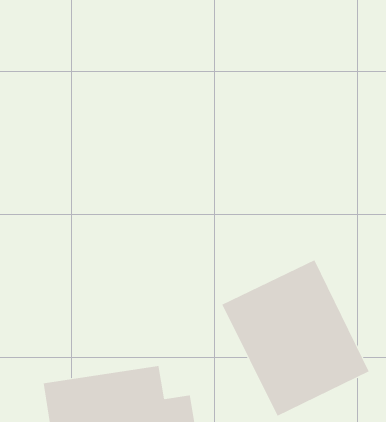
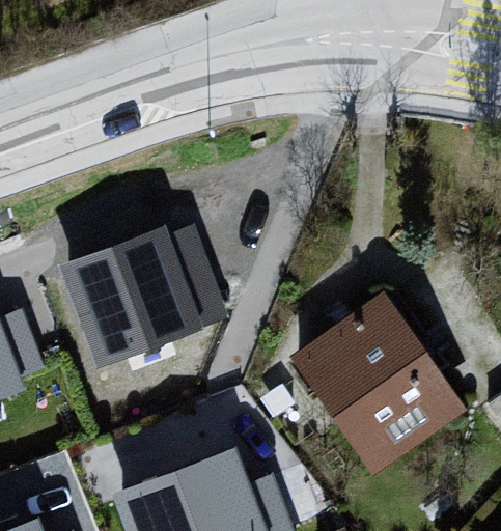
building: none -> [58,215,227,365]

